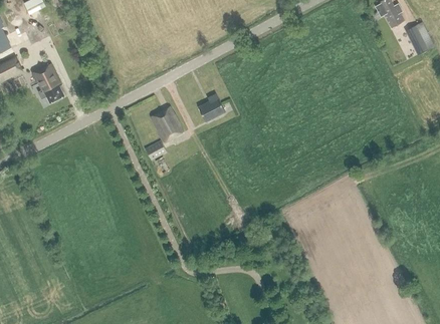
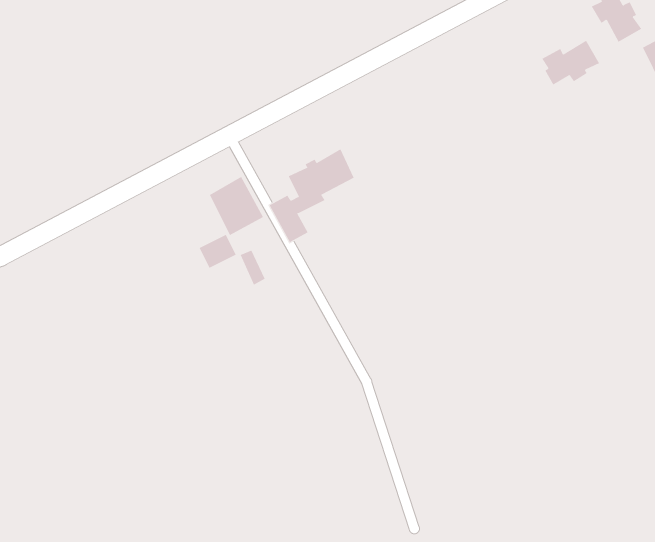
building: none -> [542,40,600,85]
building: [31,64,63,103] -> none

